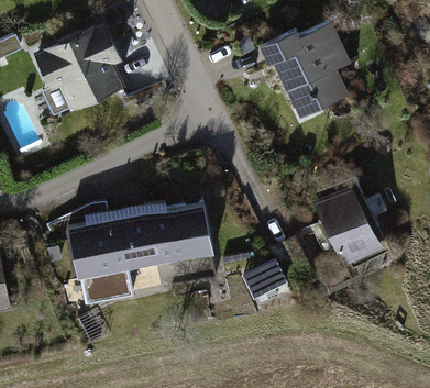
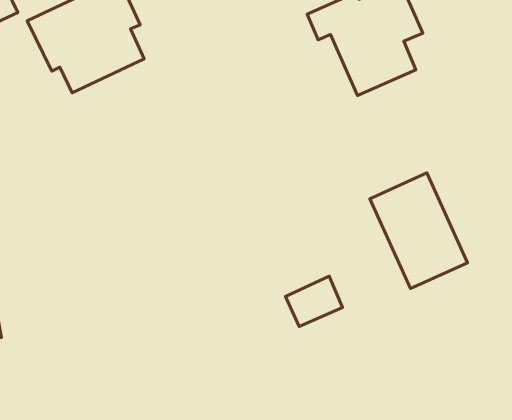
building: [68,206,208,307] -> none

